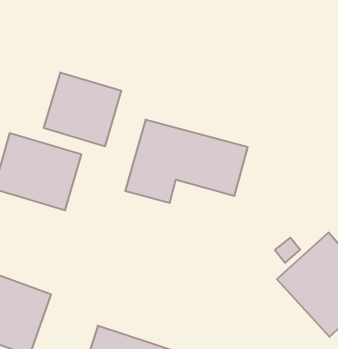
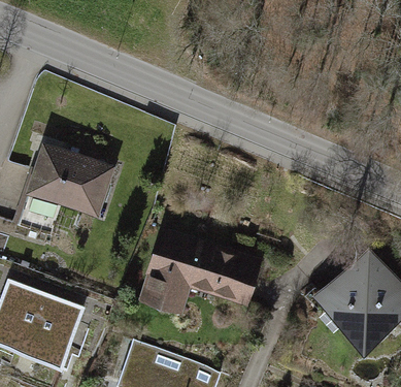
building: [44,72,121,146] -> none
building: [125,120,248,203] -> [138,228,263,313]

